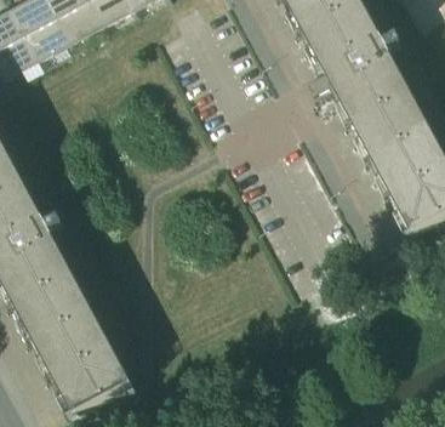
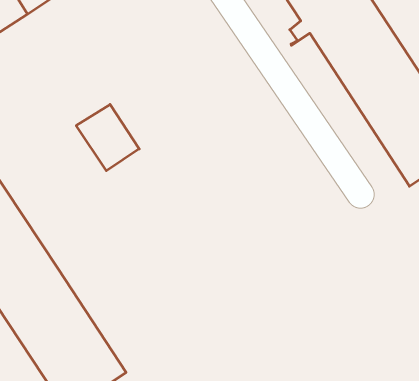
building: none -> [76,104,139,171]

